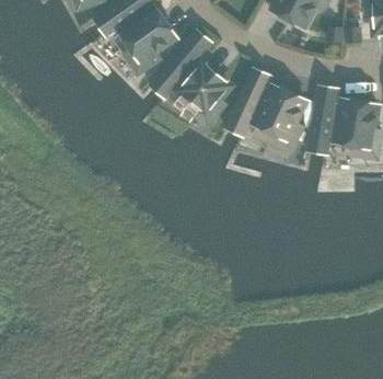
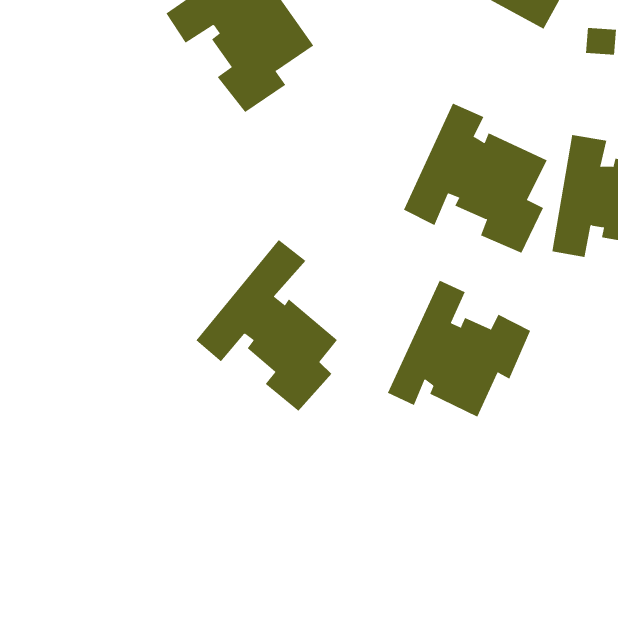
building: [151,31,230,126] -> [195,239,338,412]
building: none -> [387,280,531,417]

